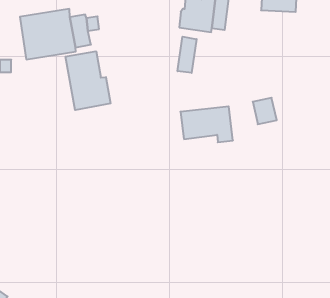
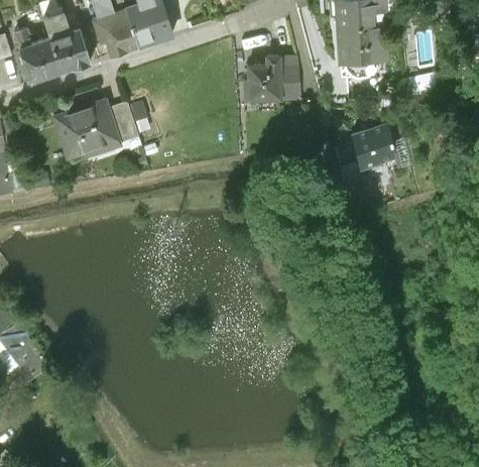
building: [178,37,197,73] -> none
building: [66,51,111,110] -> none
building: [180,106,233,142] -> [348,120,416,167]

